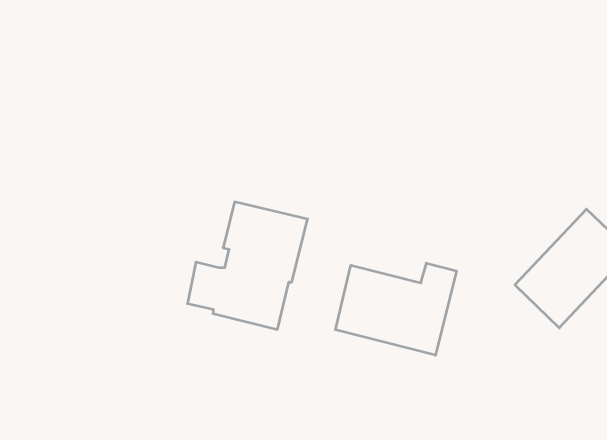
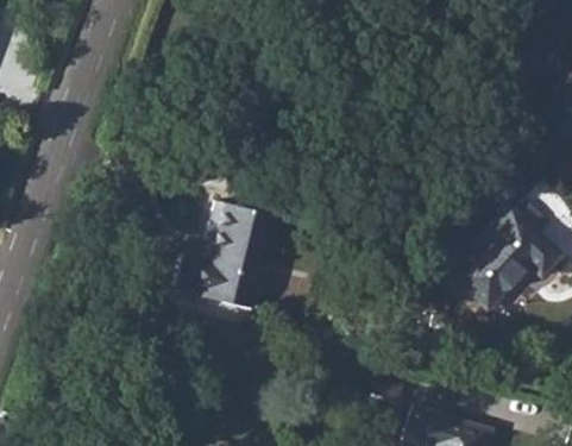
building: [335,263,456,355] -> none

